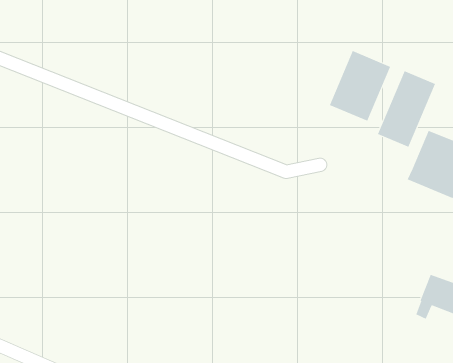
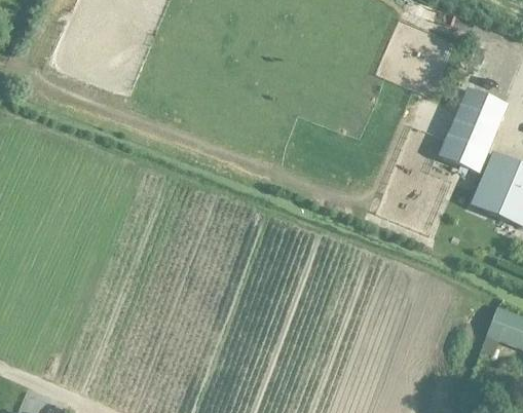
building: [329,50,391,122] -> none

